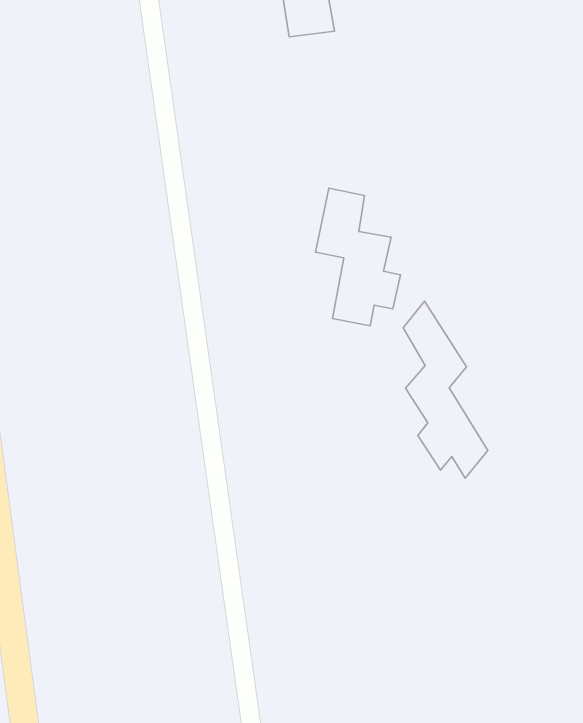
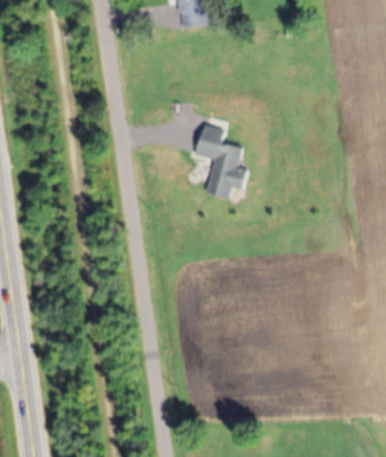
building: [403,301,488,478] -> none

